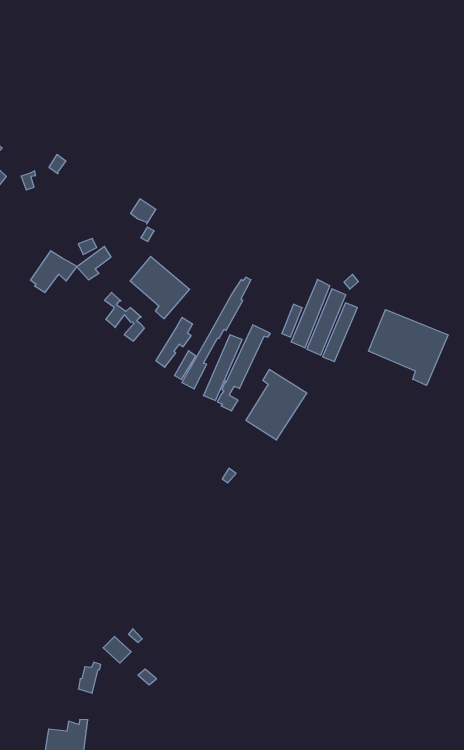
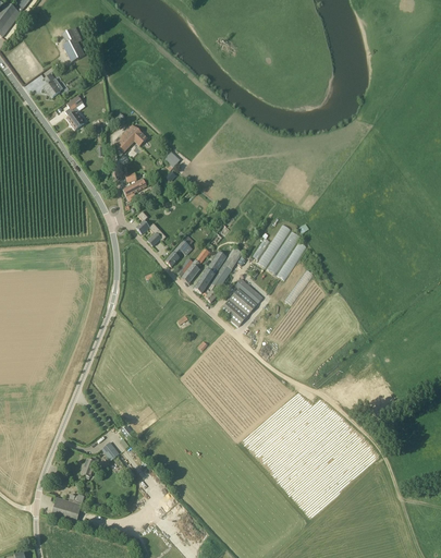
building: [30,251,77,292] -> [115,124,148,151]
building: [130,256,190,319] -> none
building: [369,310,448,385] -> none

